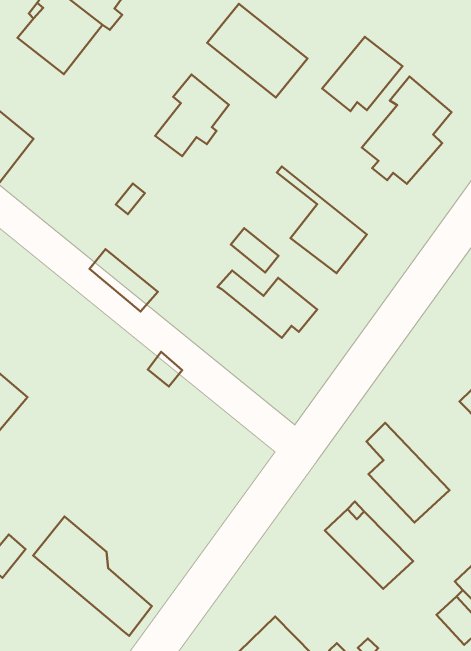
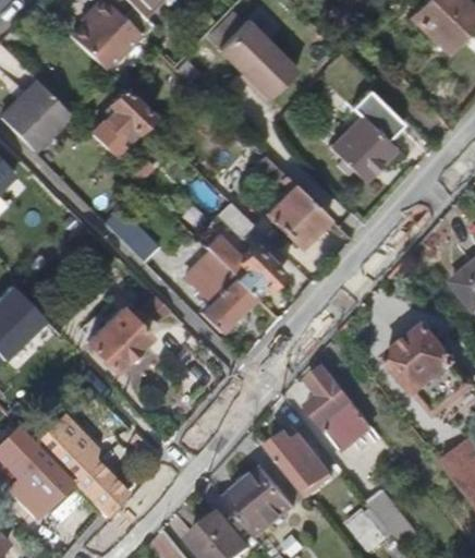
building: [322,37,402,111] -> none
building: [155,75,229,156] -> [92,88,153,153]
building: none -> [187,248,255,327]
building: none -> [77,298,150,371]
building: none -> [227,470,294,538]
building: none -> [11,460,68,511]

